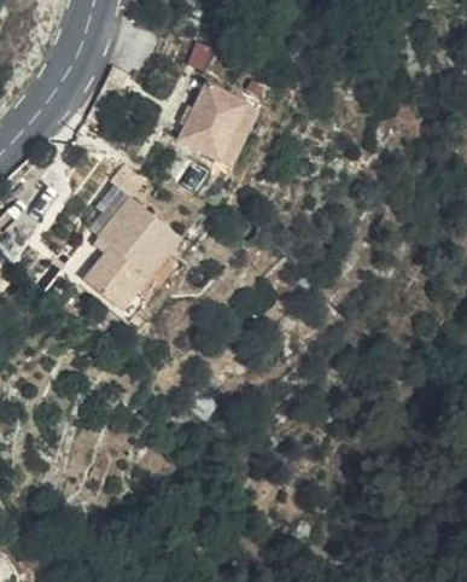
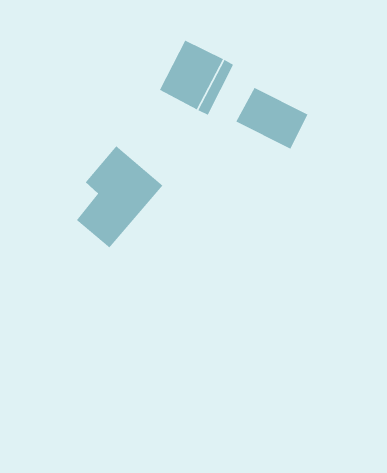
building: none -> [235,87,308,150]

